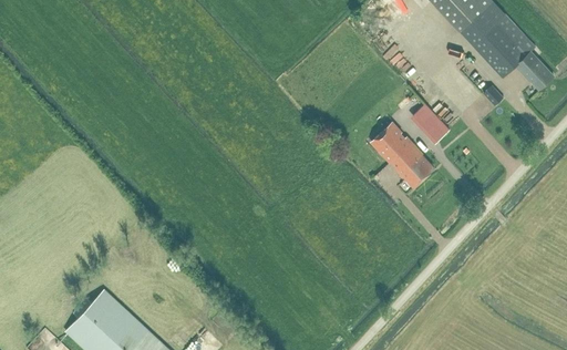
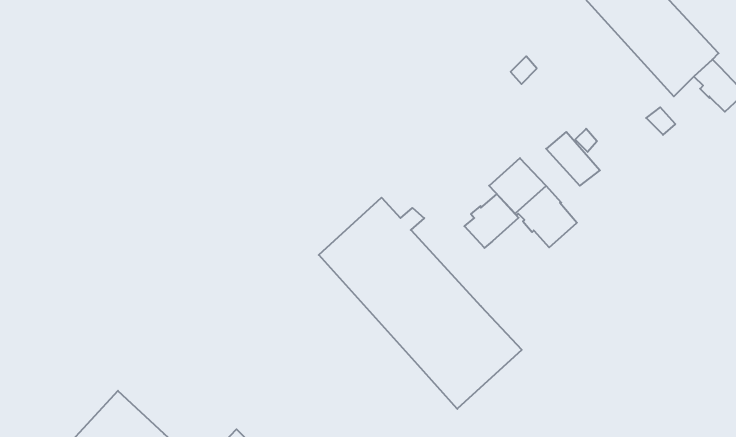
building: none -> [464,194,519,248]
building: none -> [319,198,522,409]

